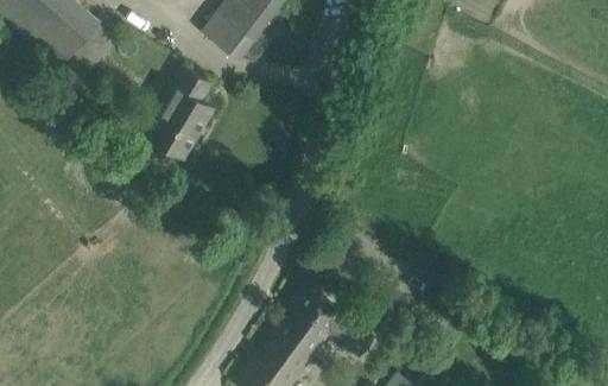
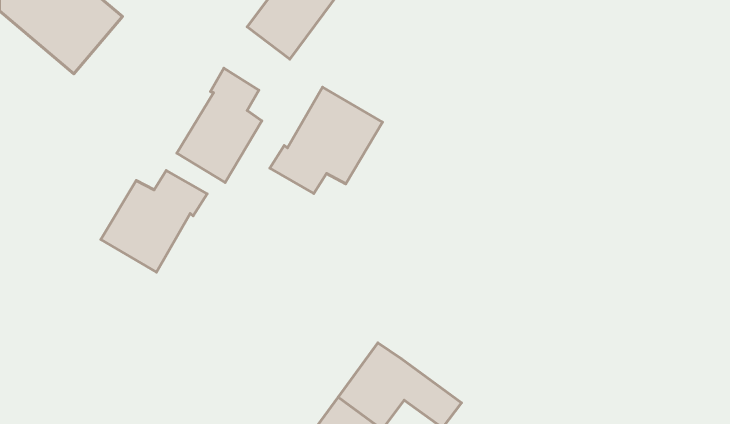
building: none -> [270,87,382,194]
building: none -> [101,170,207,272]

